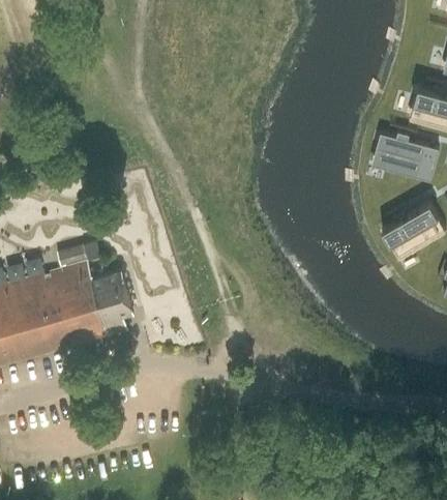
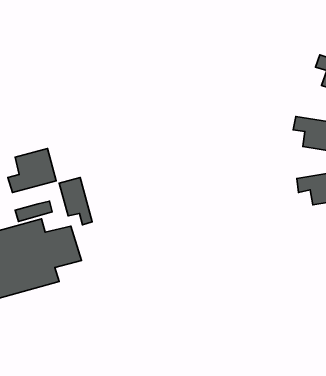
building: none -> [8,149,56,192]
building: none -> [59,178,92,225]

